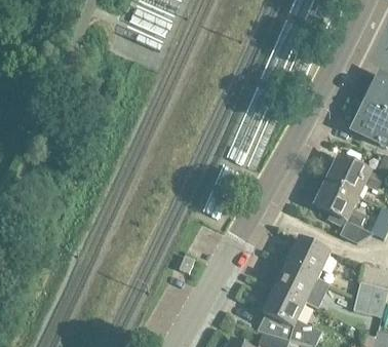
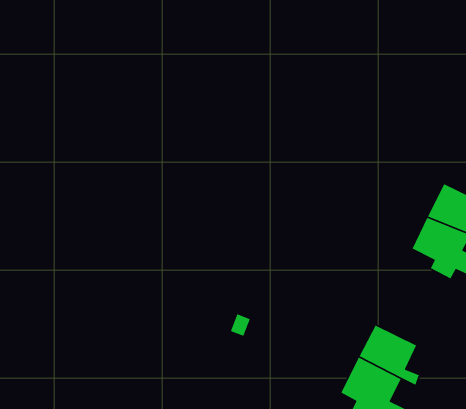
building: [286,237,329,276] -> none

